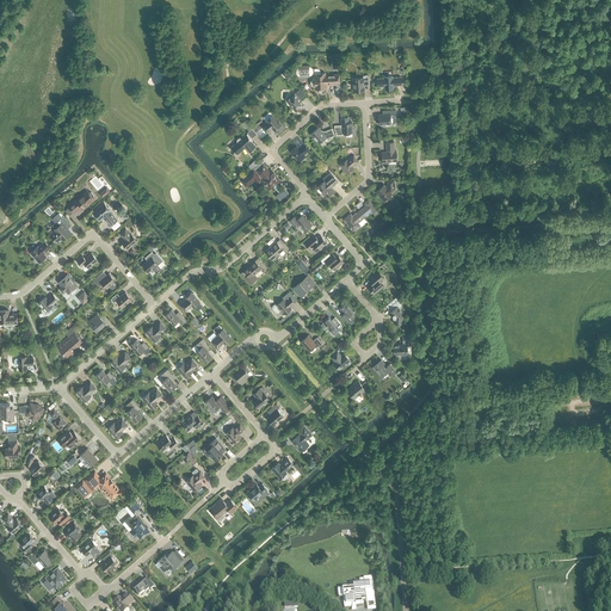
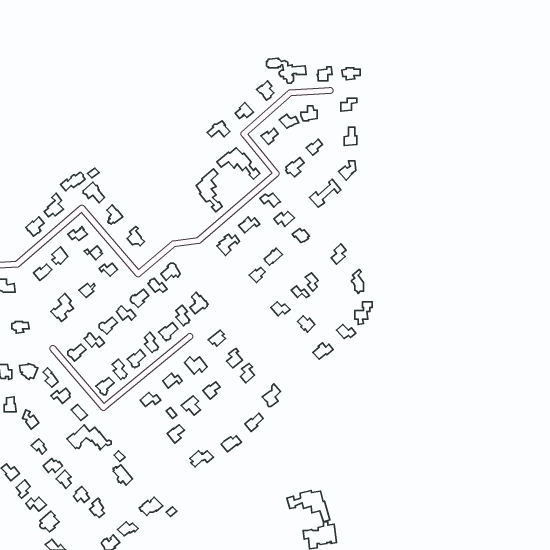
building: none -> [196,169,222,212]
building: none -> [287,491,330,522]

